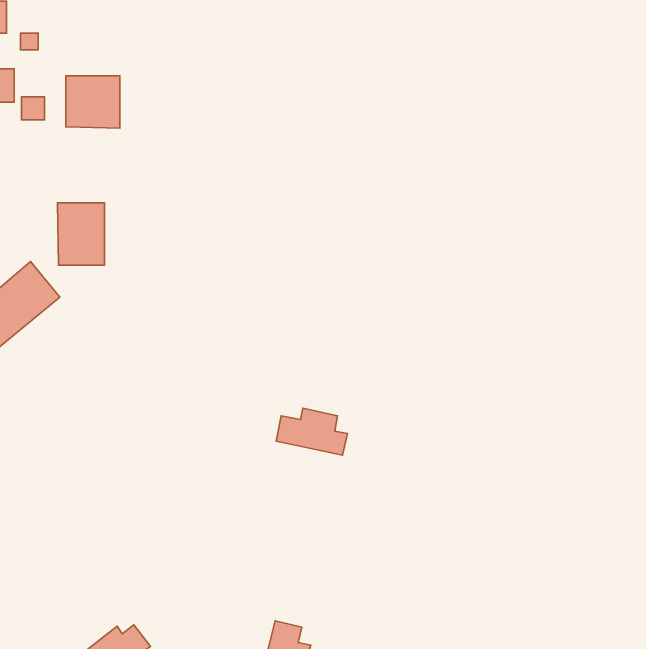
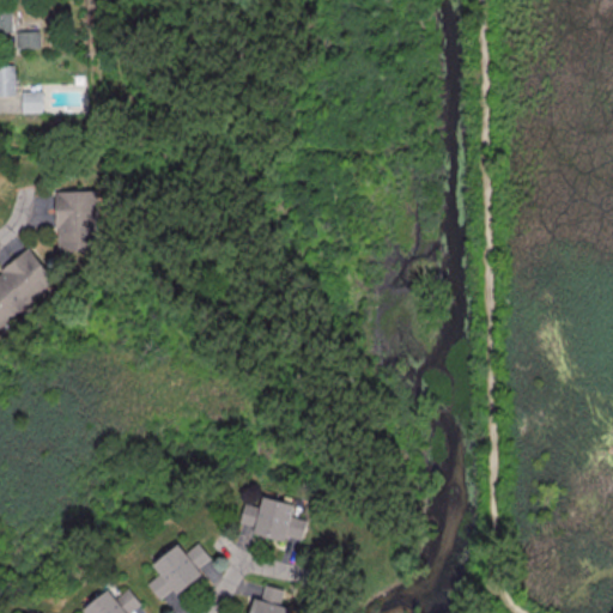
building: [66,76,120,128] -> none
building: [276,408,348,455] -> [238,498,305,542]
building: none -> [147,544,211,601]

